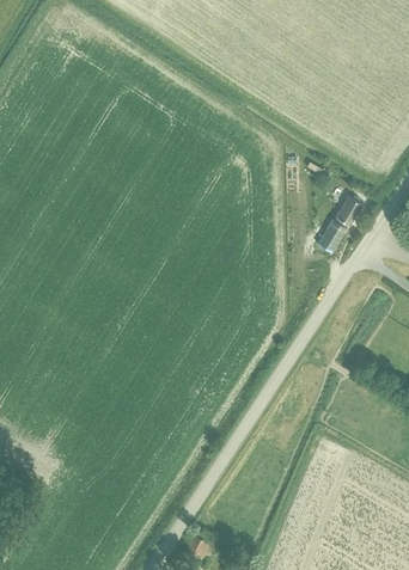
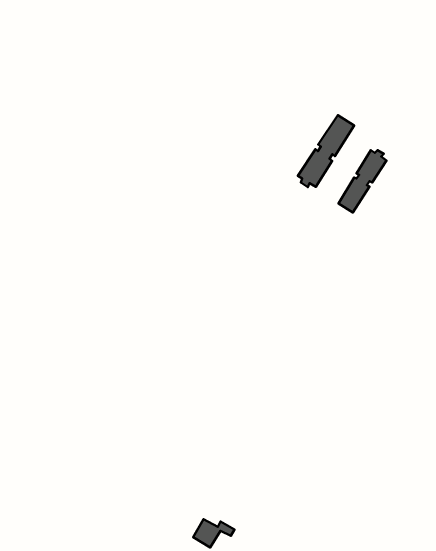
building: none -> [298,115,354,187]

